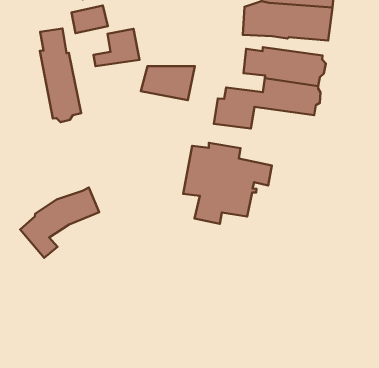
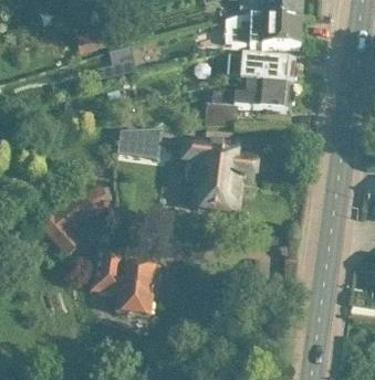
building: [40,29,81,122] -> none
building: [141,66,195,100] -> [117,124,163,154]
building: none -> [92,244,157,314]

